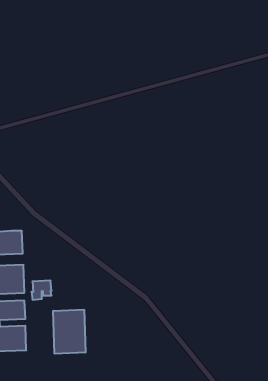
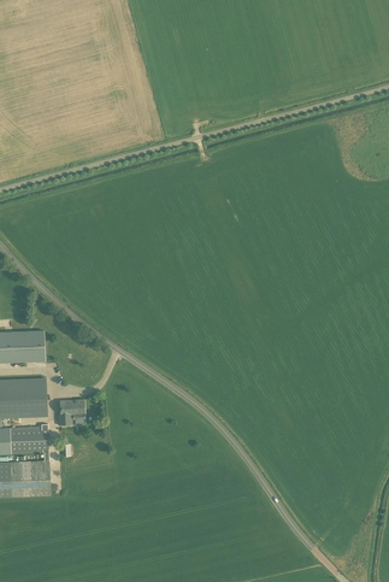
building: [53,310,85,354] -> none

